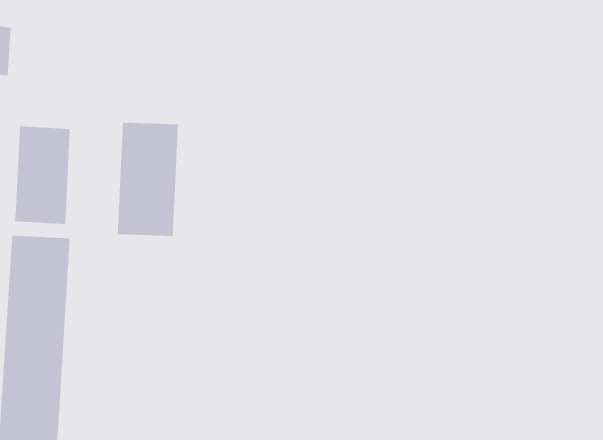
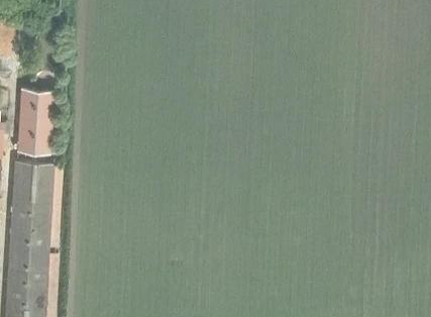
building: [117,122,179,237] -> none

